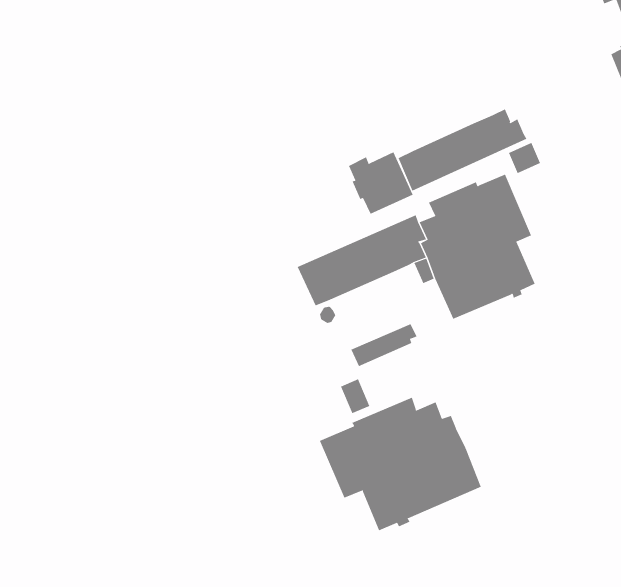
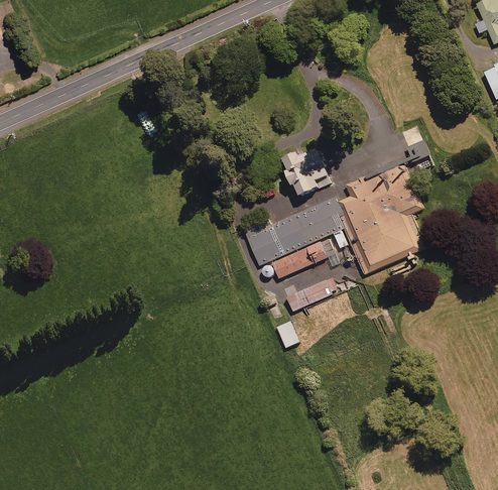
building: [398,109,527,192] -> none
building: none -> [270,239,328,279]
building: [319,397,482,531] -> none

